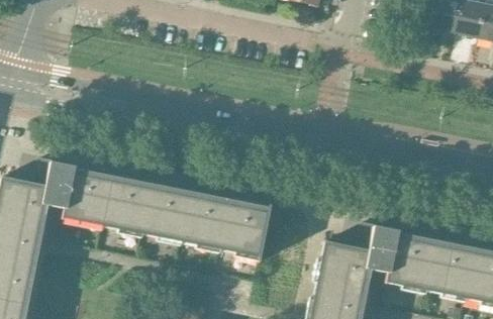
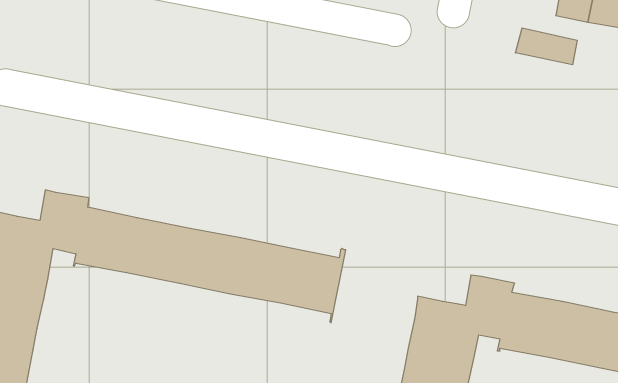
building: none -> [515,28,577,65]

